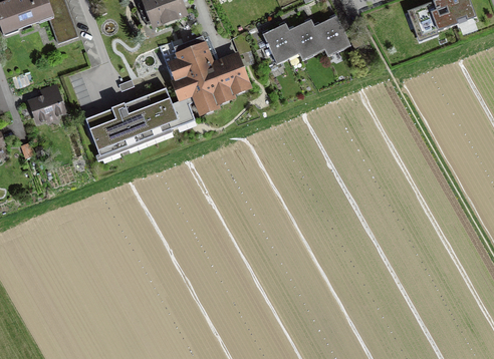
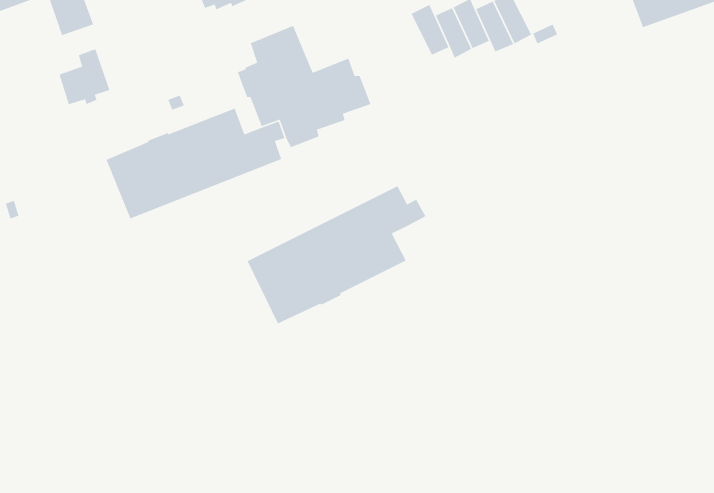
building: [263,28,287,59] -> none
building: [31,84,63,119] -> [58,48,110,105]
building: none -> [246,185,426,324]

